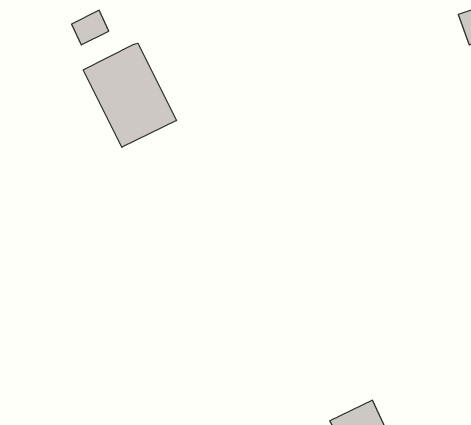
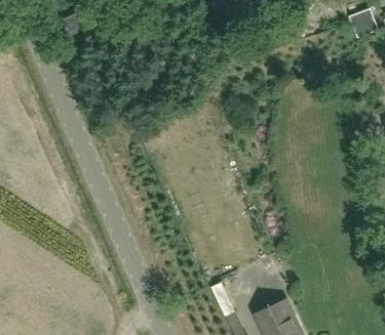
building: [83,43,176,147] -> none

